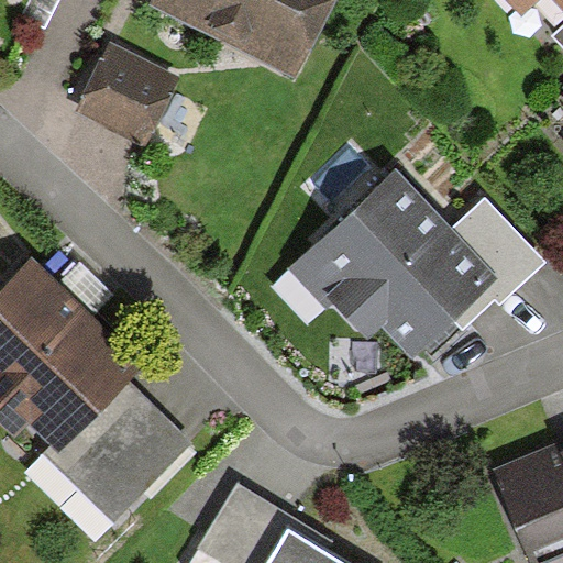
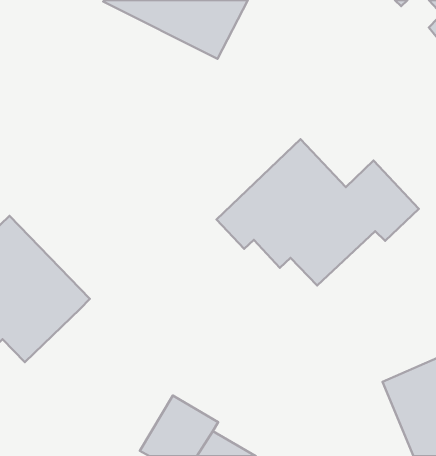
building: [76,51,172,147] -> none
building: [44,380,187,522] -> none

